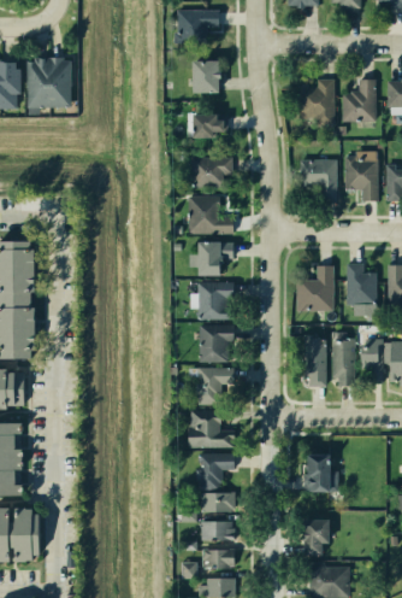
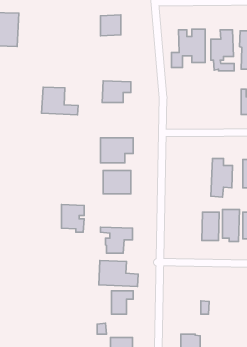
building: [188,107,226,135] -> none
building: [347,153,380,204] -> none
building: [303,160,339,203] -> none
building: [179,189,232,229] -> [41,87,78,115]
building: [295,268,335,323] -> none
building: [197,322,230,362] -> [62,205,84,232]
building: [297,334,326,395] -> none
building: [307,456,327,492] -> none
building: [199,497,235,514] -> none

